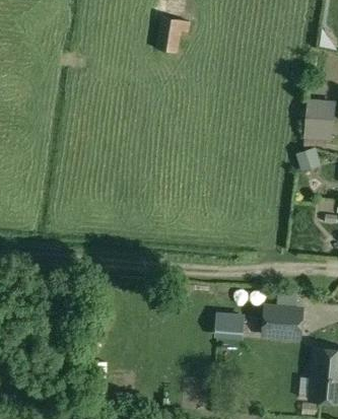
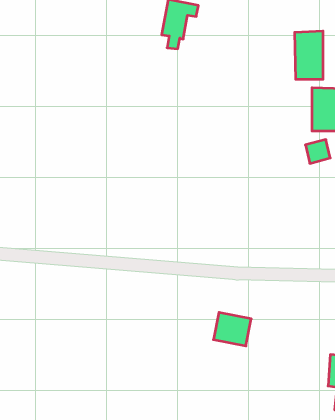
building: none -> [295,31,323,79]
building: [265,306,303,338] -> none

